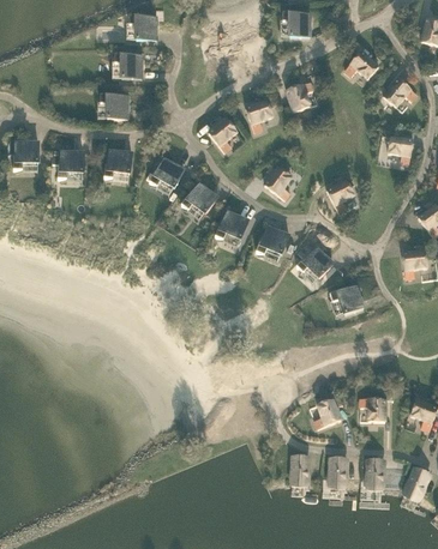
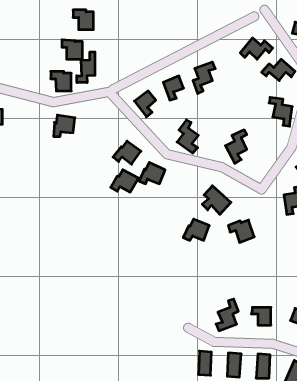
building: [283,12,310,37] -> none
building: none -> [77,52,95,83]
building: [52,147,84,179] -> none
building: [149,158,185,187] -> [111,170,139,192]
building: [256,227,289,254] -> [183,219,209,240]

